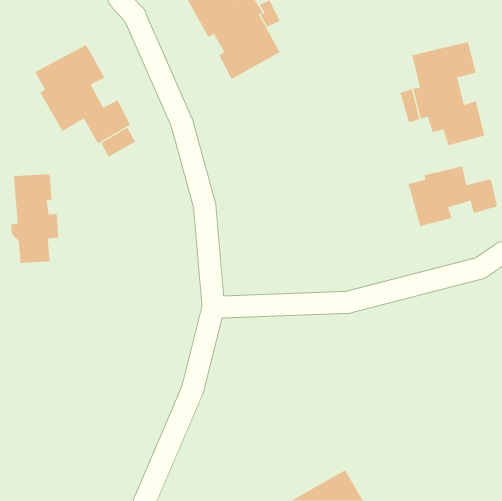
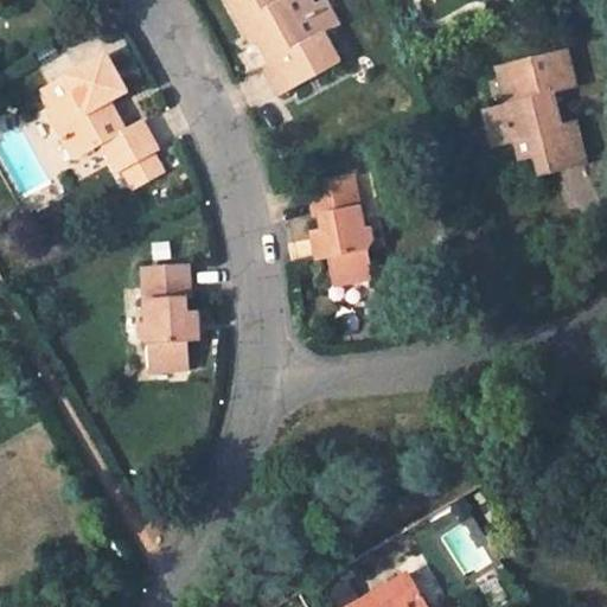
building: none -> [306,177,373,285]
building: [408,166,498,227] -> none
building: [10,174,59,264] -> [139,264,198,372]

